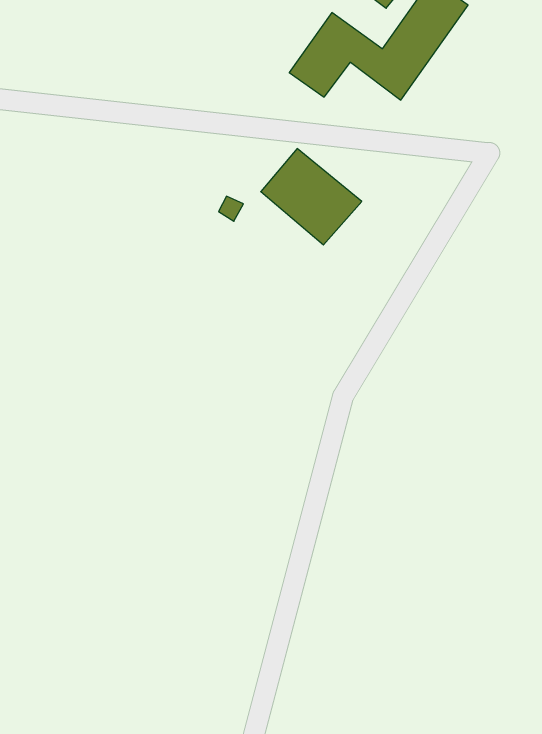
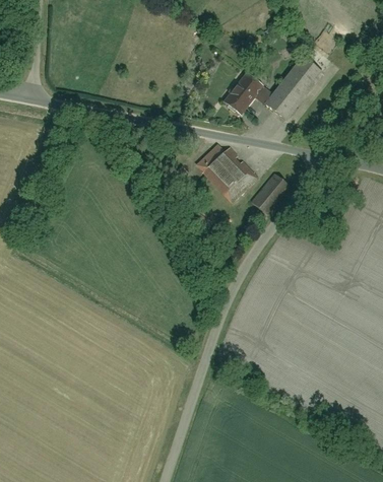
building: none -> [252,175,285,211]

